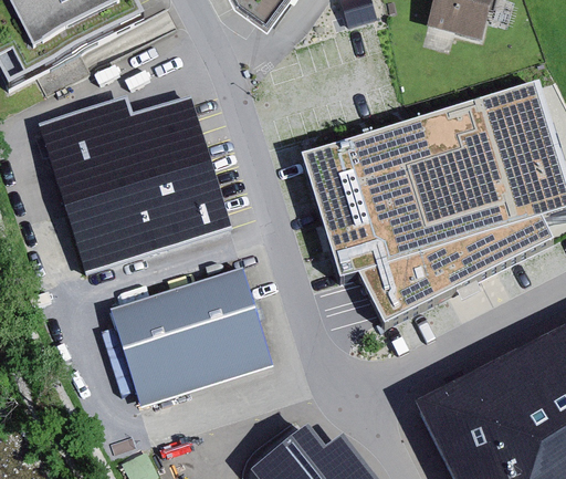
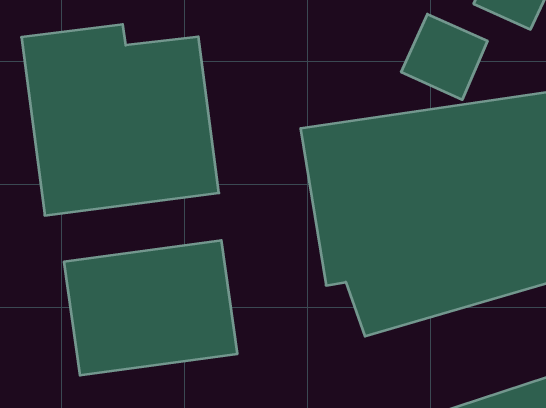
building: none -> [401,14,487,100]

